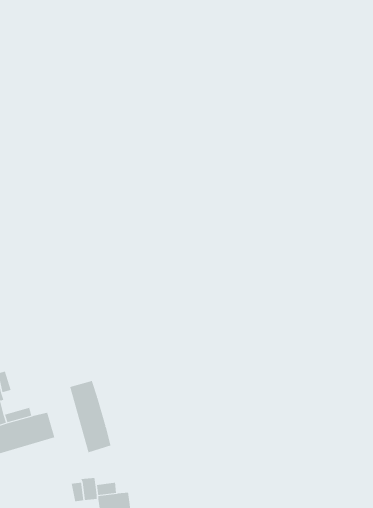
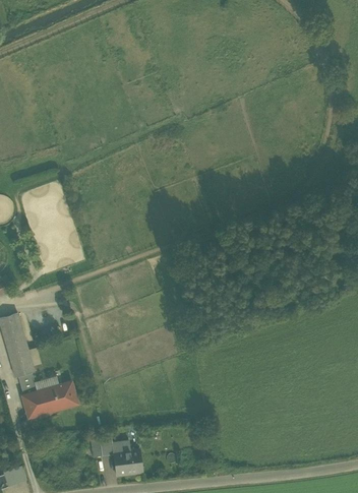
building: [69,380,112,453] -> none

